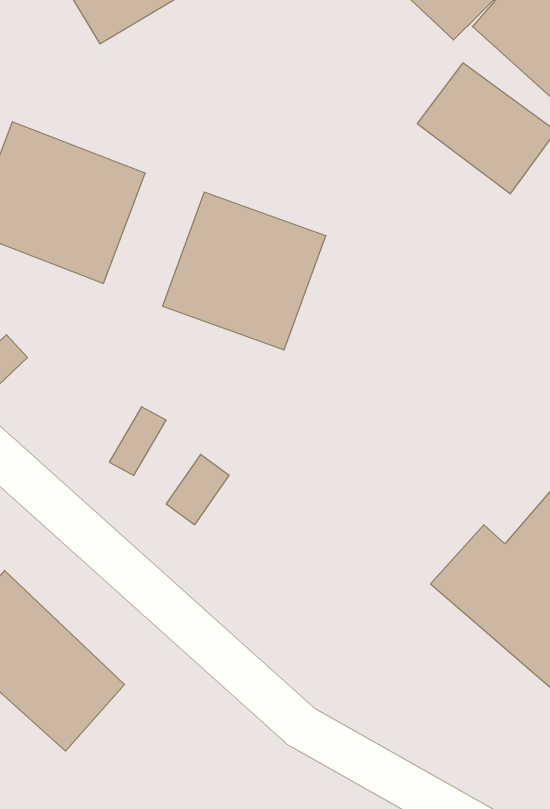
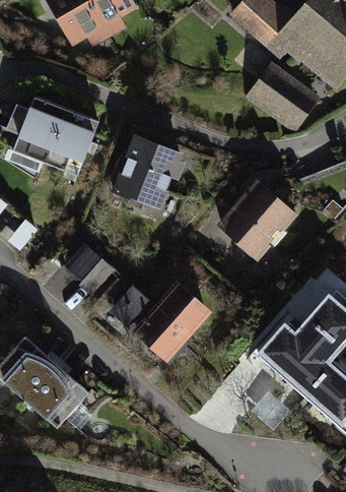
building: none -> [218,180,294,257]
building: none -> [132,283,214,366]

